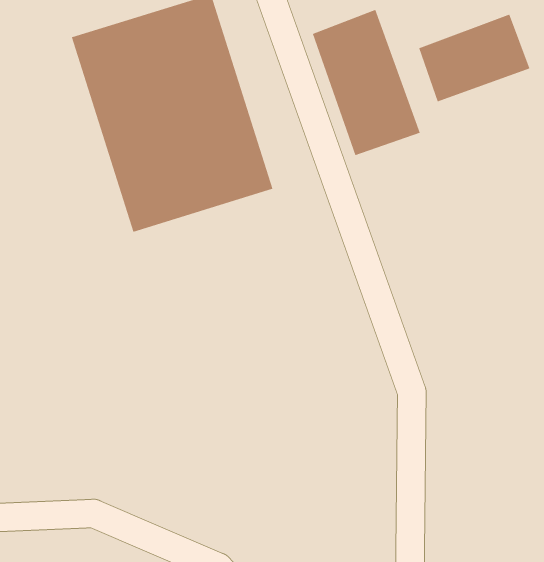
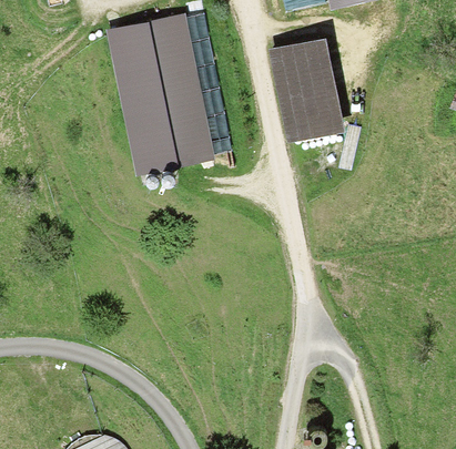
building: [418,14,530,103] -> none

